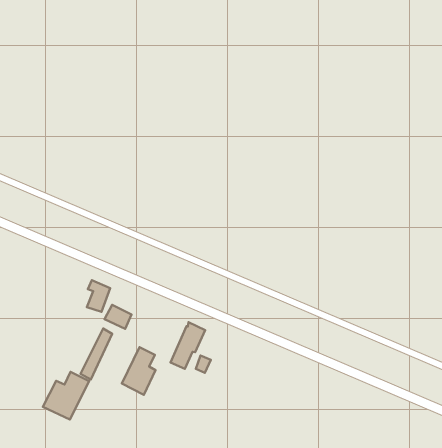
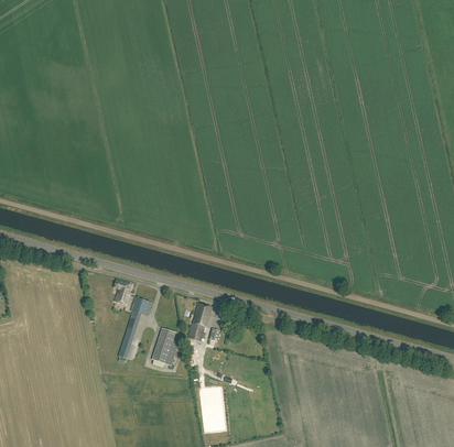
building: [43,372,89,420] -> none

